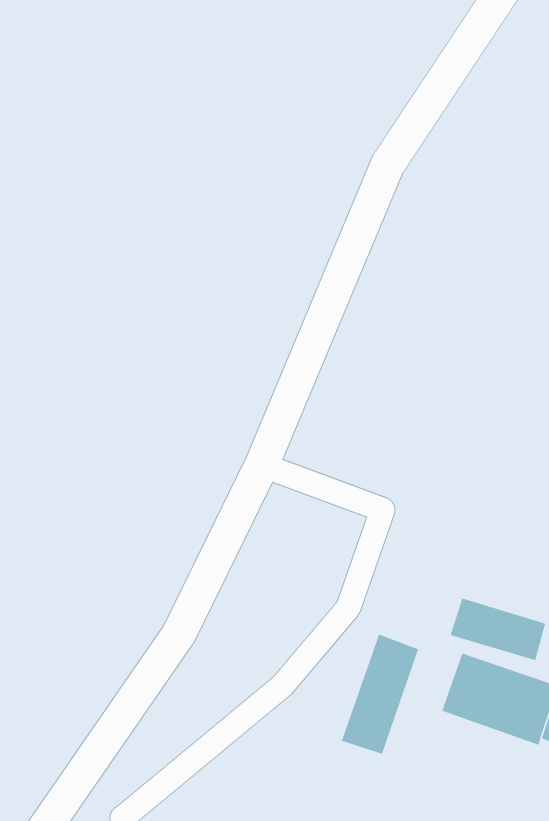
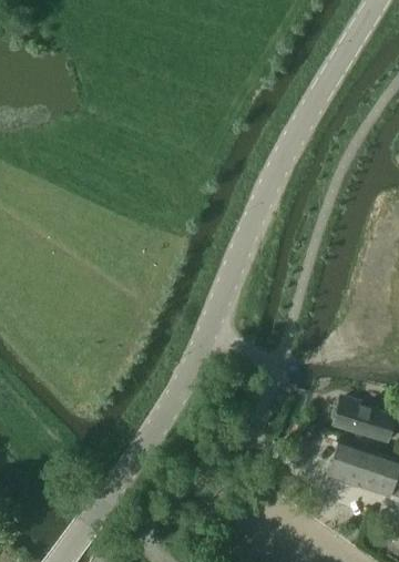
building: [341,633,419,755] -> none

